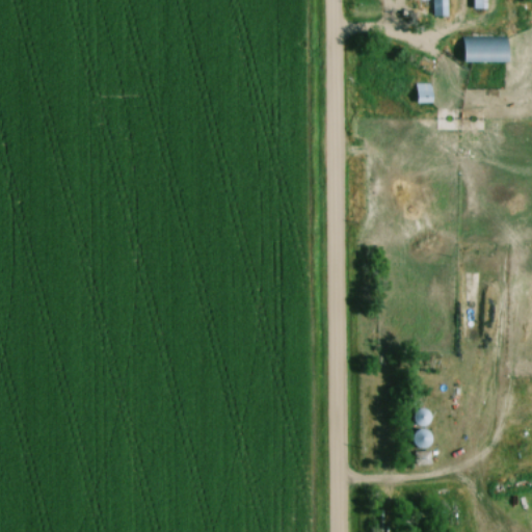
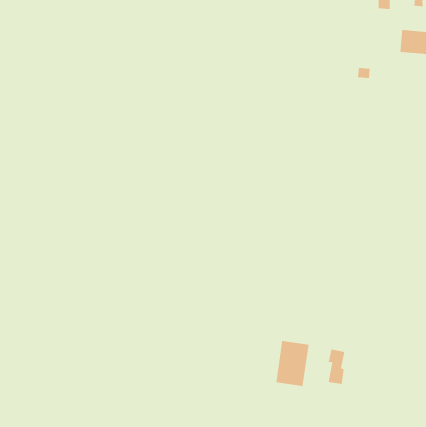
building: none -> [276,340,309,387]

